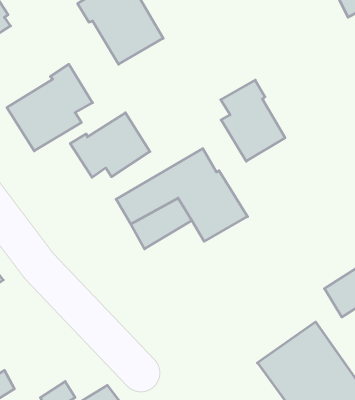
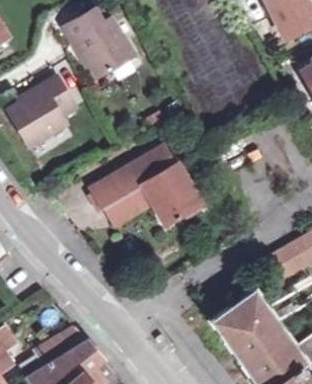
building: [221,80,285,161] -> none
building: [70,113,150,177] -> none

